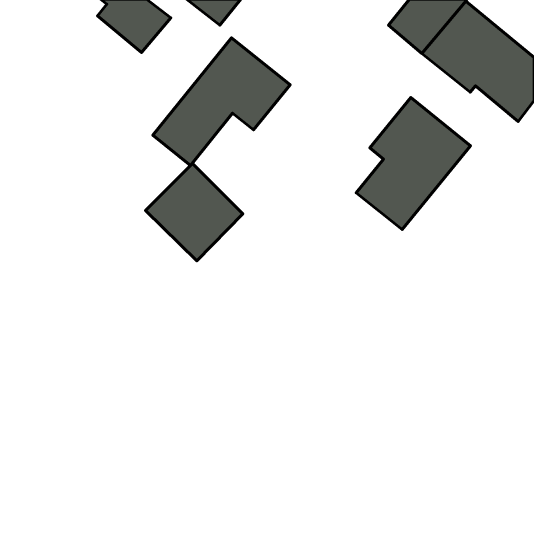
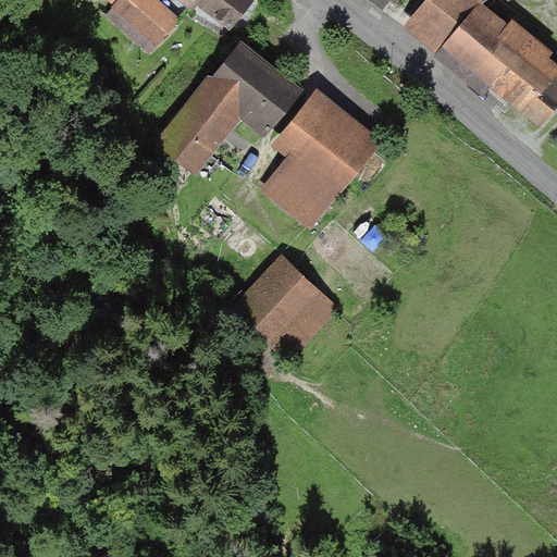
building: [356,98,470,229] -> [261,89,380,226]
building: [145,163,243,261] -> [233,257,334,358]

